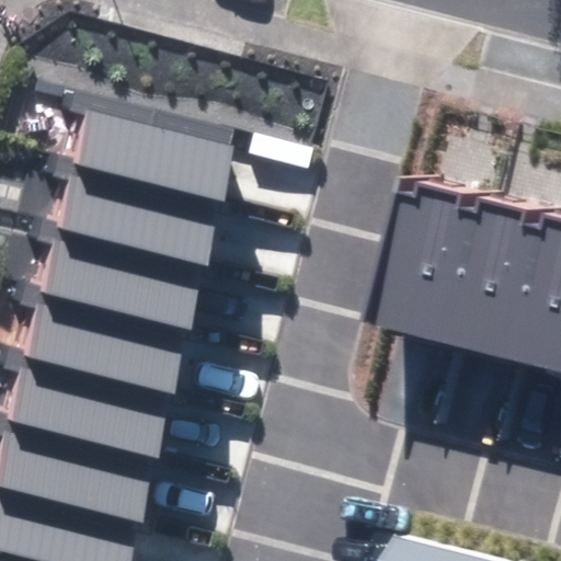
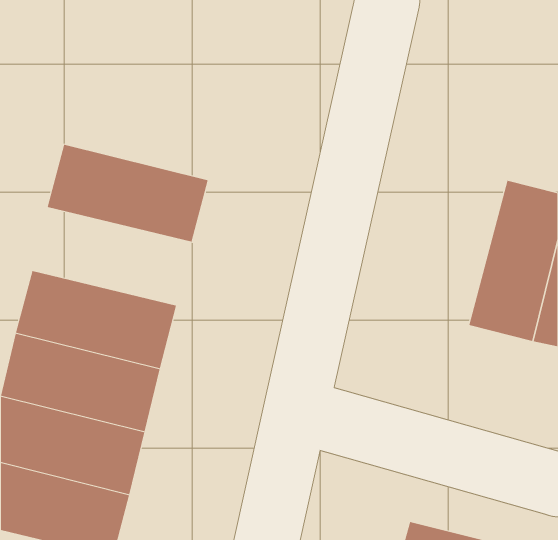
building: [64,99,225,198] -> none
building: [407,182,508,344] -> none
building: [32,226,193,324] -> none

